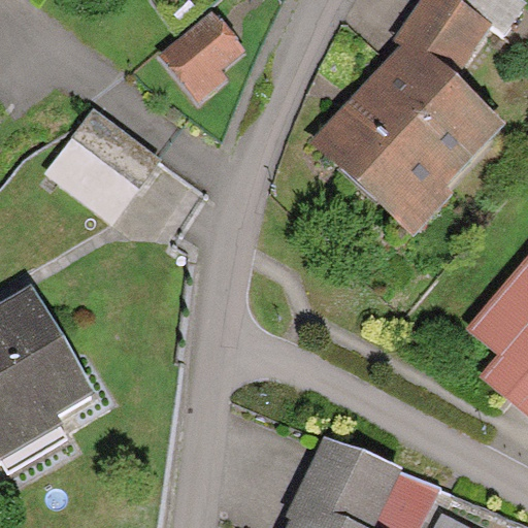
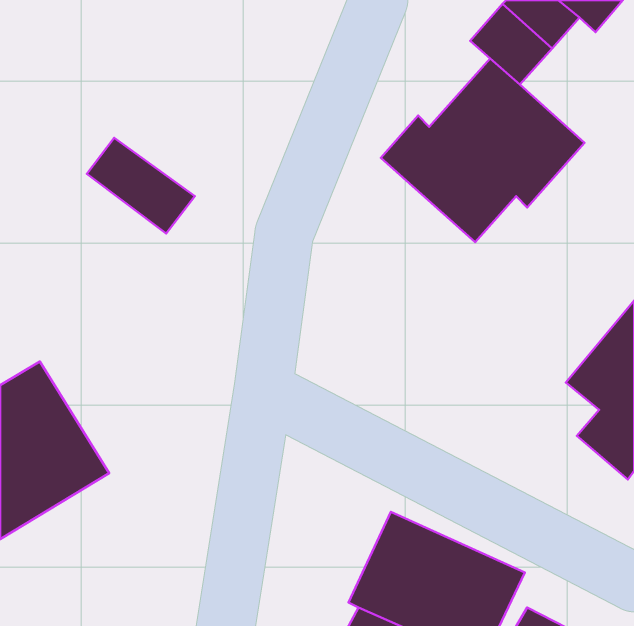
building: [158,11,246,108] -> none

